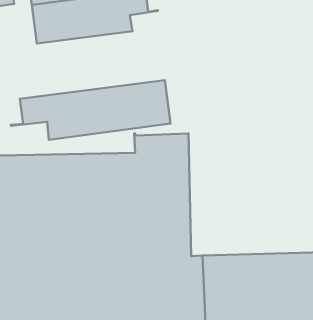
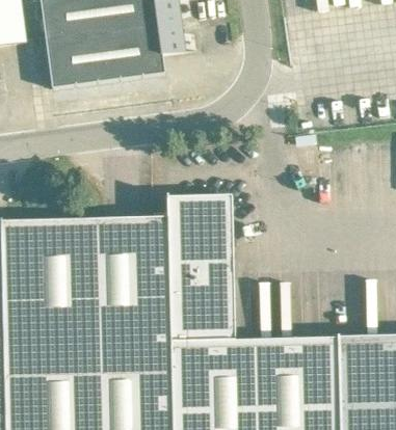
building: [11,80,170,140] -> none

